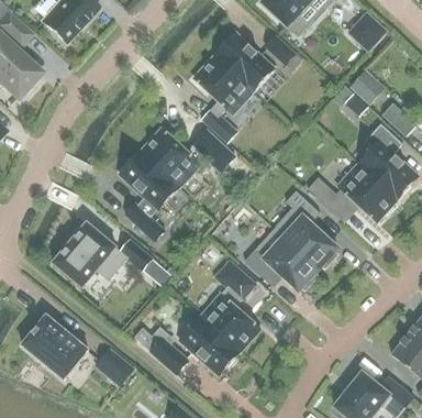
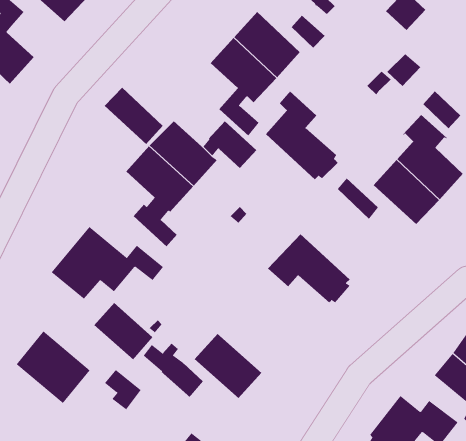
building: none -> [104,87,163,145]
building: [274,190,338,270] -> [265,91,338,180]
building: [215,261,256,300] -> none
building: none -> [93,302,153,360]
building: [200,294,259,352] -> none

